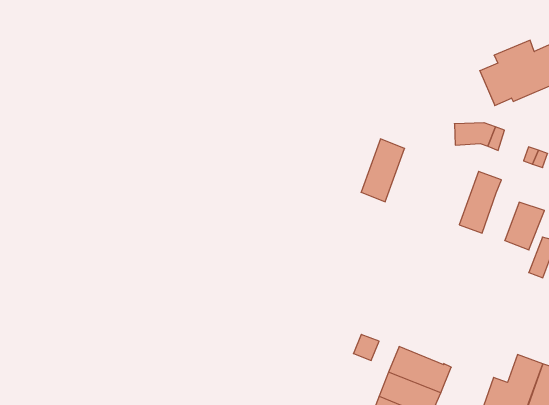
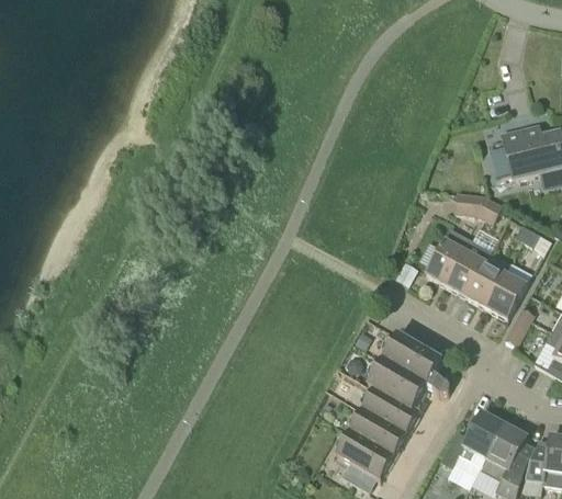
building: [361,139,405,202] -> [426,226,472,284]
building: none -> [467,260,505,305]
building: none -> [368,334,449,410]

